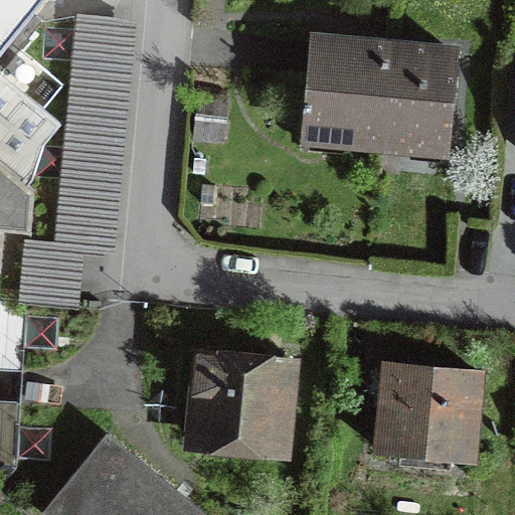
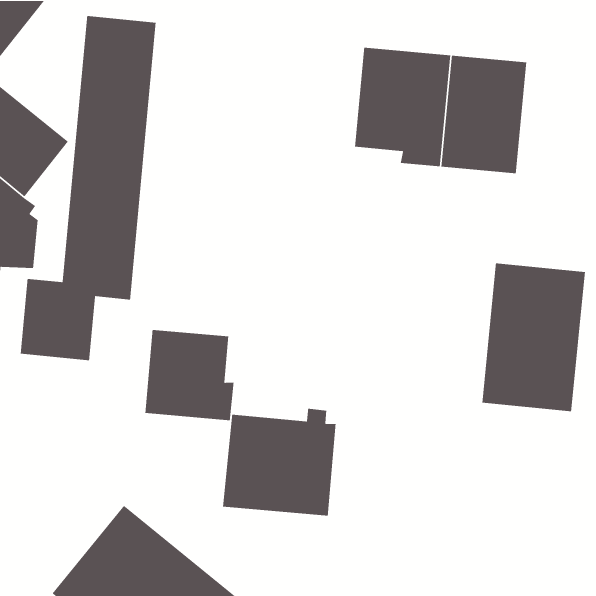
building: none -> [481,262,586,412]
building: none -> [145,329,234,421]
building: [378,365,478,460] -> none

